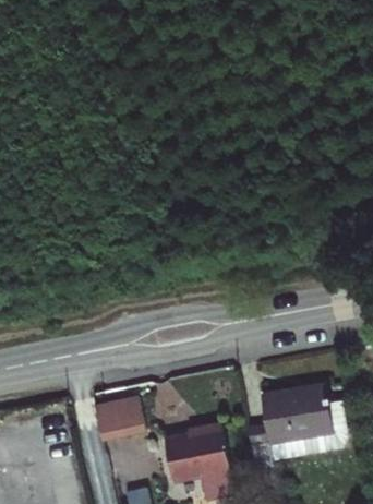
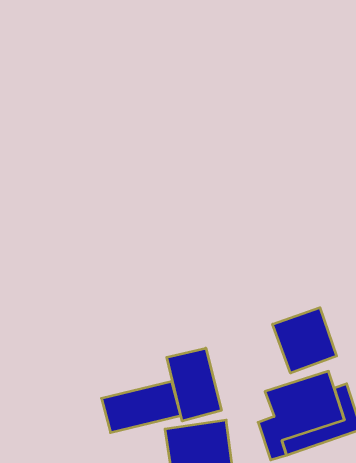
building: none -> [273,308,337,373]
building: none -> [167,348,221,421]

